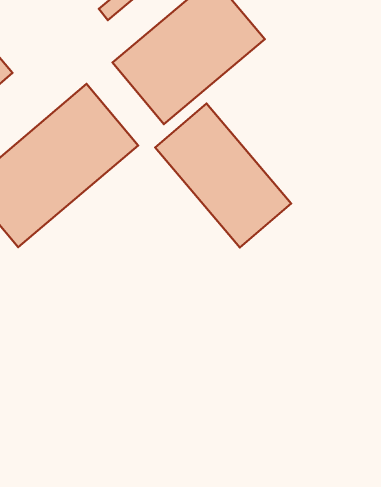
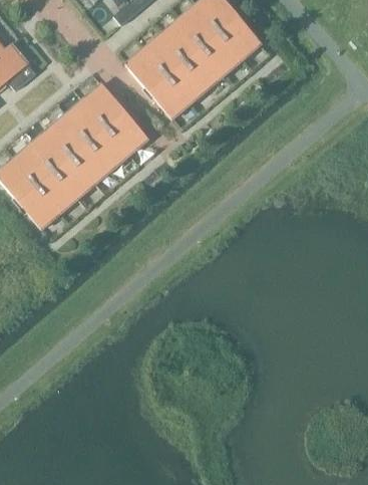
building: [155,103,291,248] -> none

